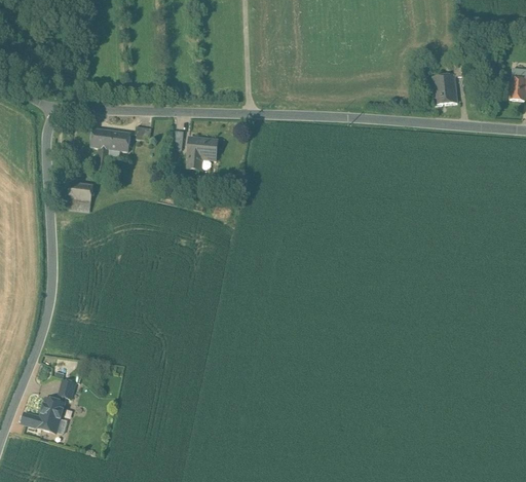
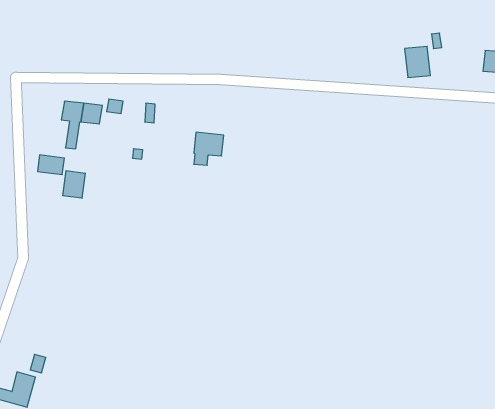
building: [188,136,218,169] -> [194,132,224,165]
building: none -> [63,171,85,198]

